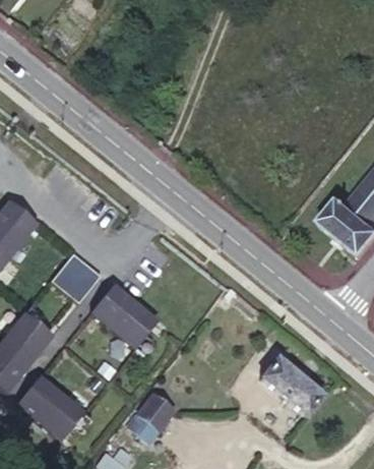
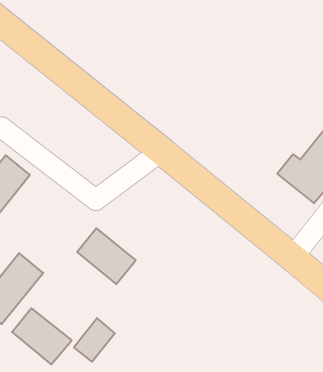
building: [51,252,101,302] -> none
building: [260,357,323,416] -> none
building: [127,393,174,443] -> [74,318,115,362]

